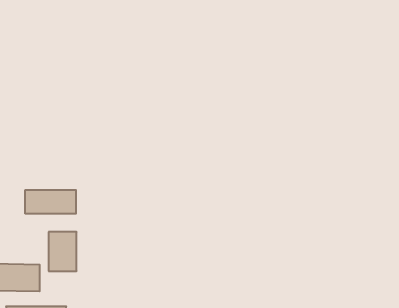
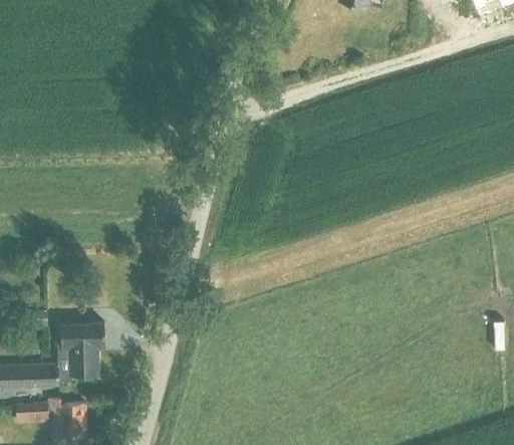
building: [25,190,76,214] -> none

